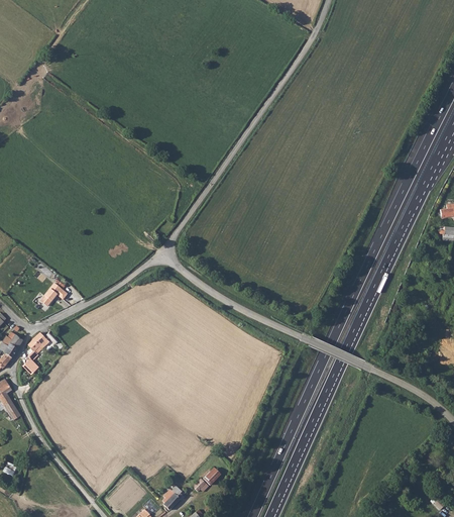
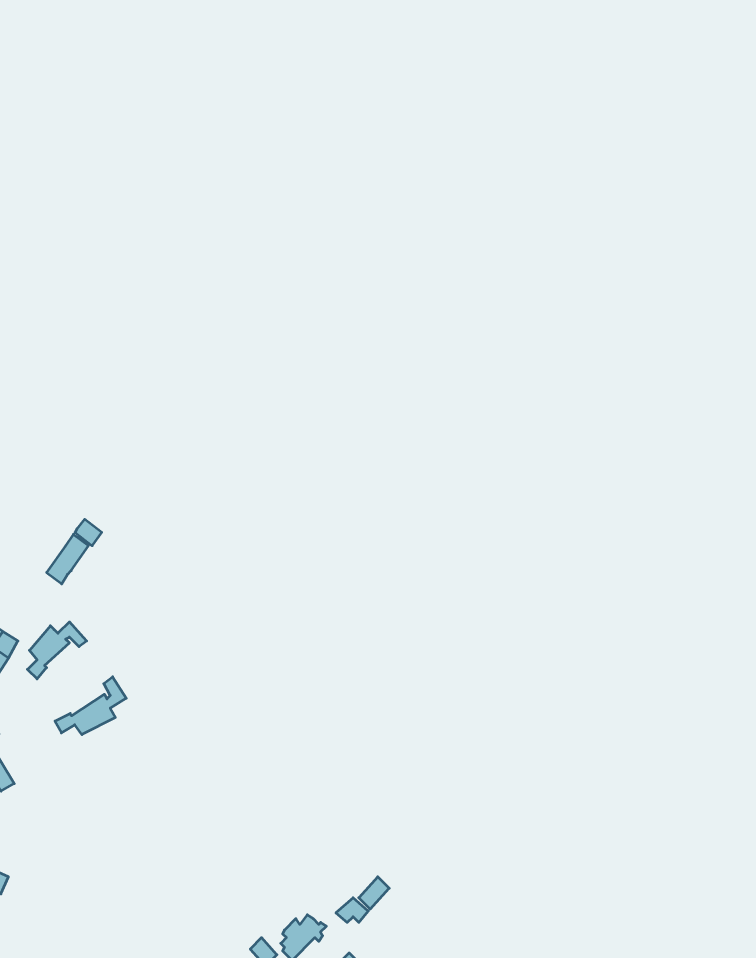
building: none -> [55,677,126,735]

